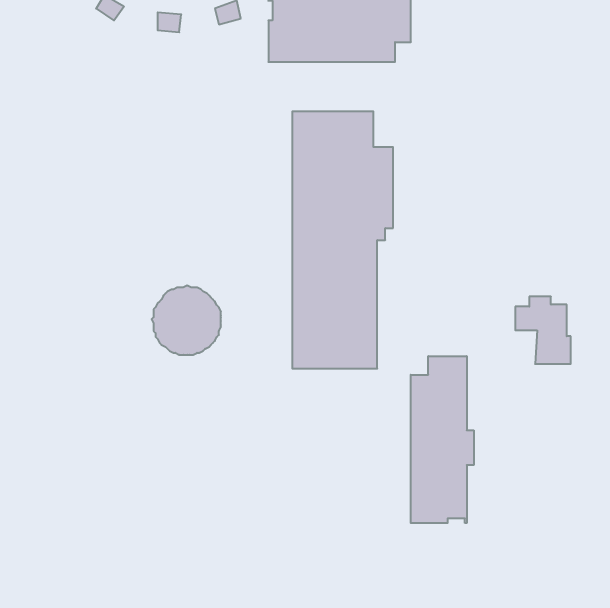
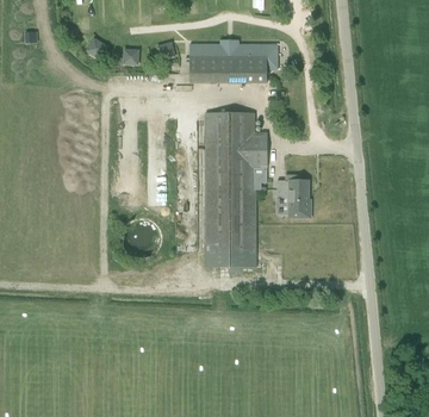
building: [515,297,571,364] -> [275,174,309,214]
building: [411,356,474,523] -> none

